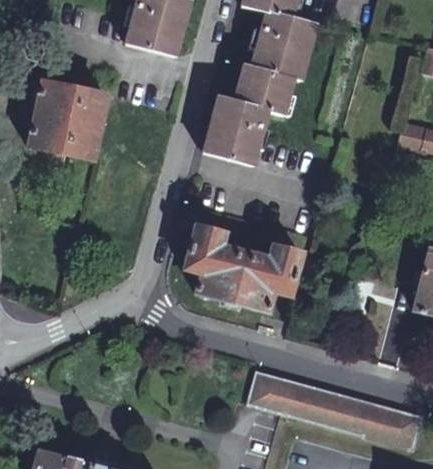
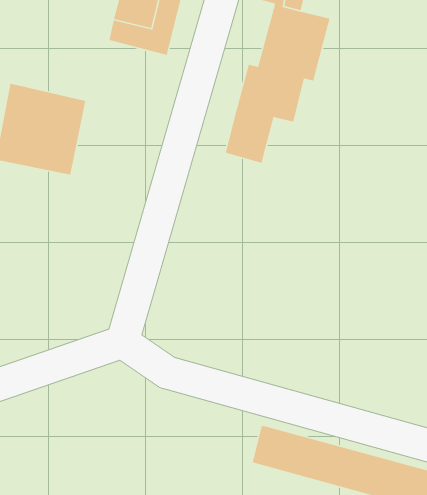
building: [205,95,257,165] -> none
building: [185,224,303,310] -> none

